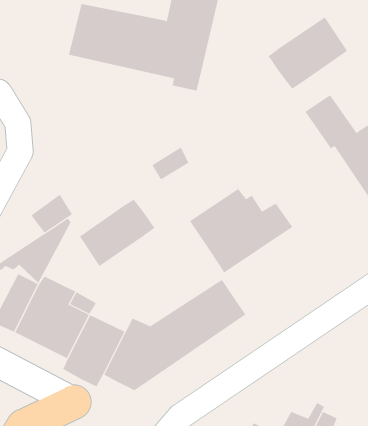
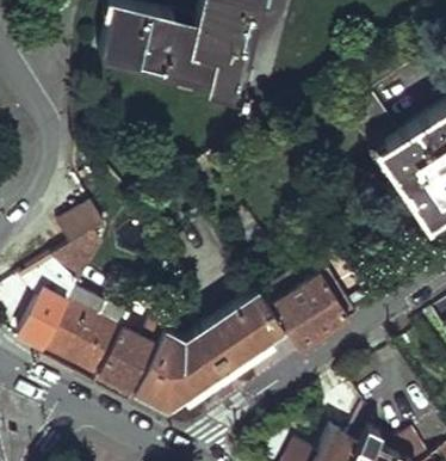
building: [268,16,348,89] -> none
building: [189,188,293,274] -> [266,264,374,354]
building: [79,199,155,267] -> none

